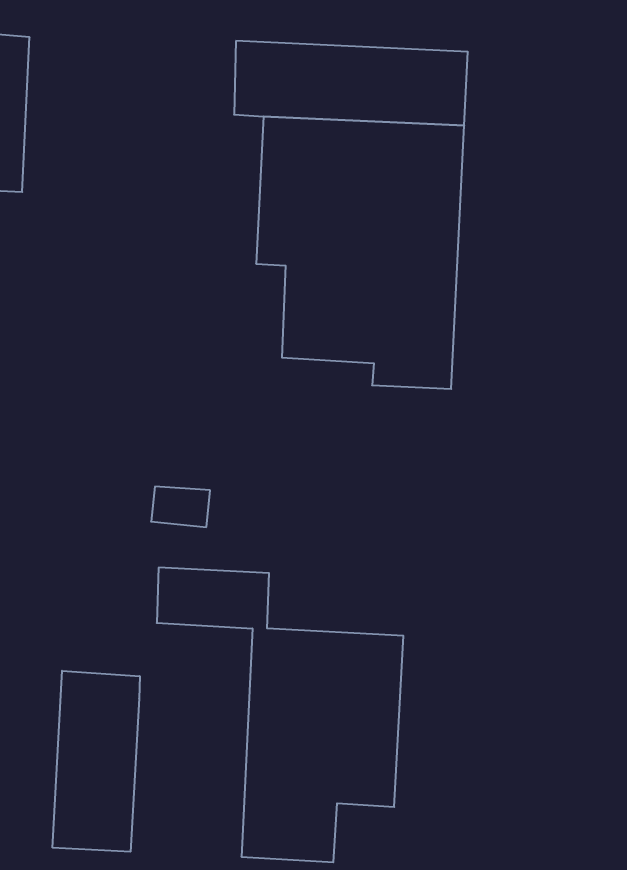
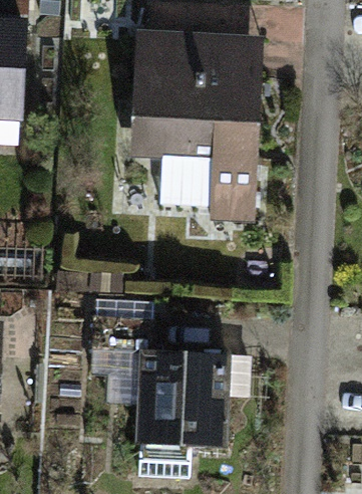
building: [53,671,140,852] -> none

